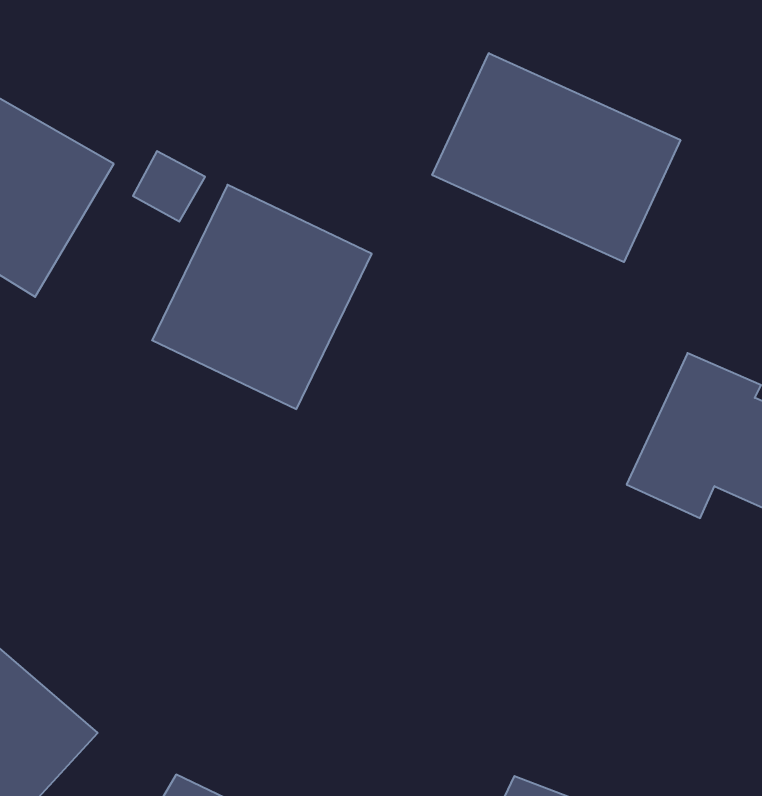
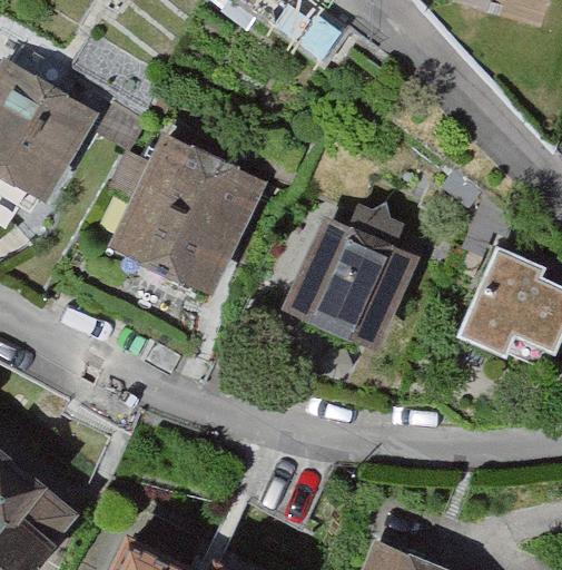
building: [432,53,680,262] -> none
building: none -> [272,205,412,357]

